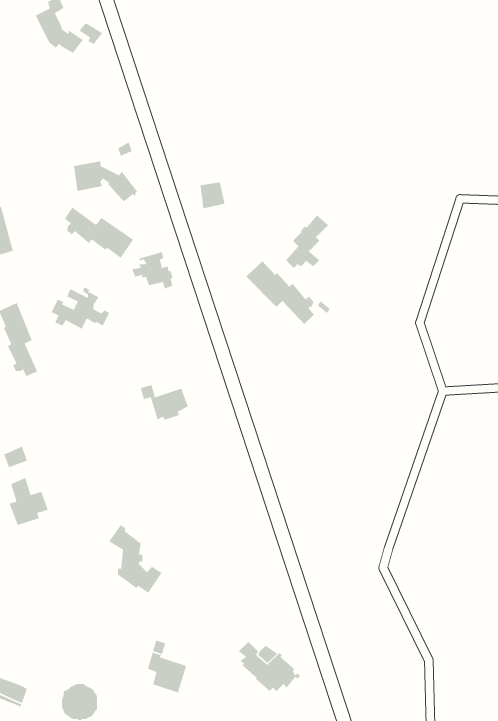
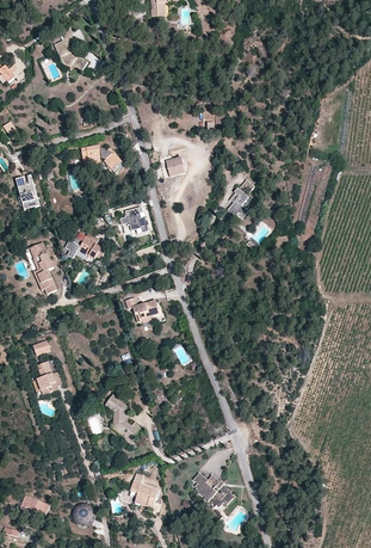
building: [64,206,134,259] -> none
building: [246,261,315,325] -> none

